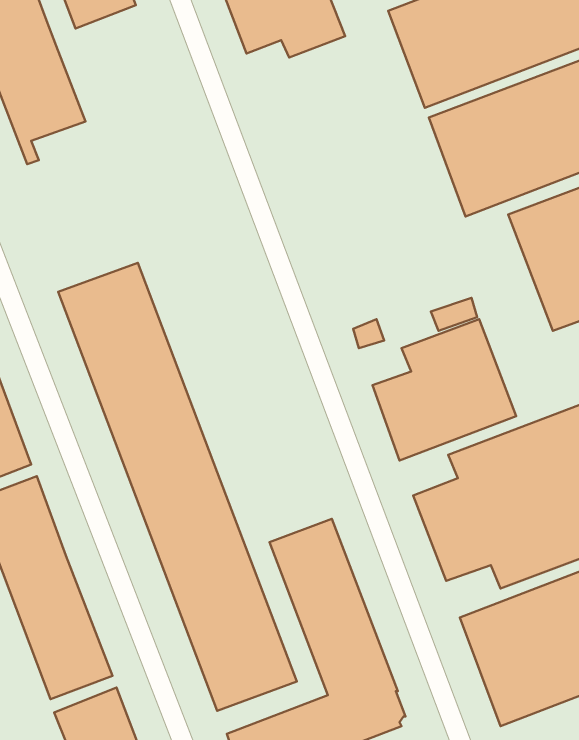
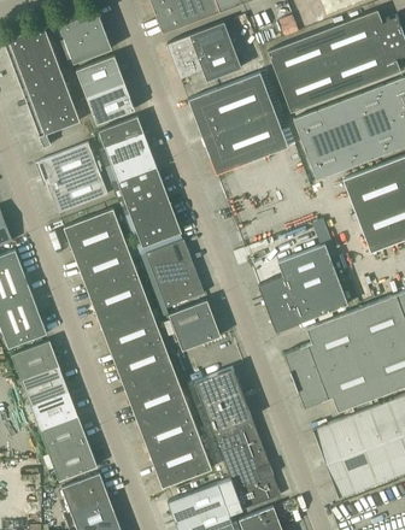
building: none -> [76,57,135,125]
building: none -> [187,73,287,175]
building: none -> [99,117,181,247]
building: none -> [37,143,107,213]
building: none -> [145,240,204,308]
building: none -> [169,301,221,352]

